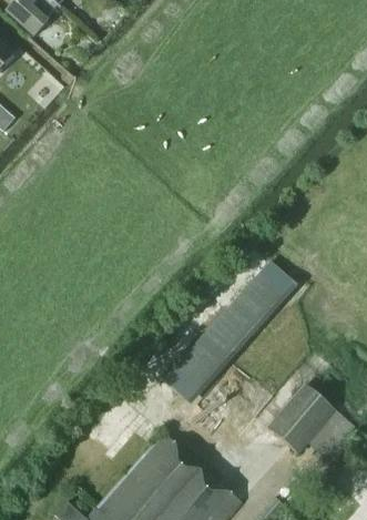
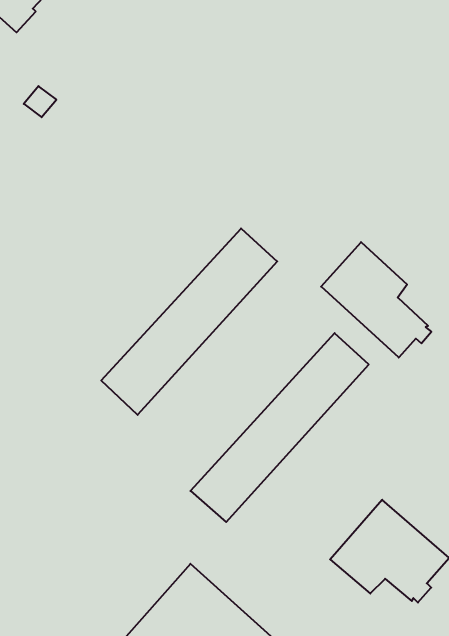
building: none -> [101,228,277,415]
building: none -> [321,242,431,358]

